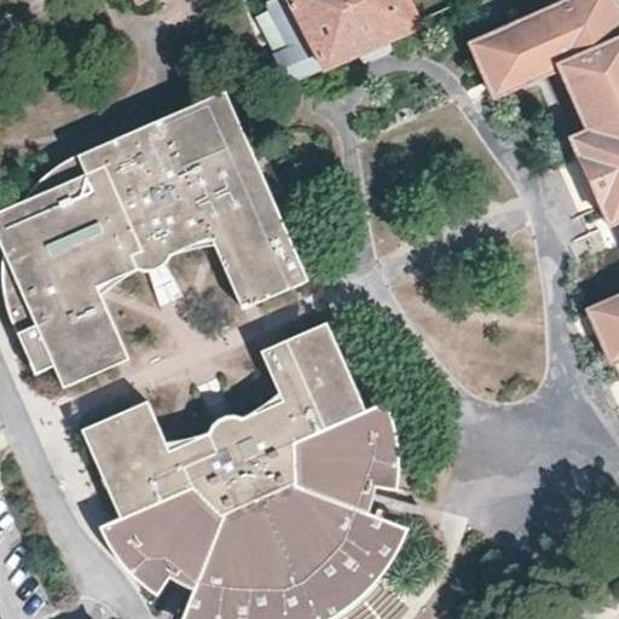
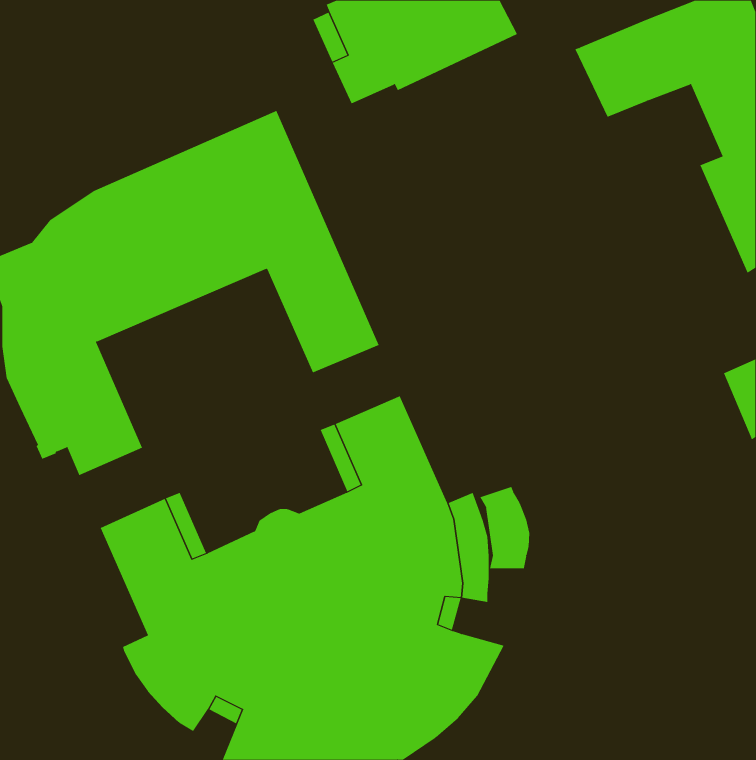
building: [79,219,254,364] -> none
building: none -> [479,486,530,569]

